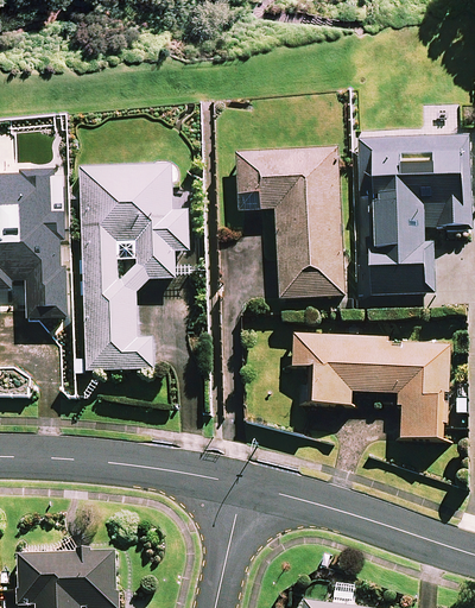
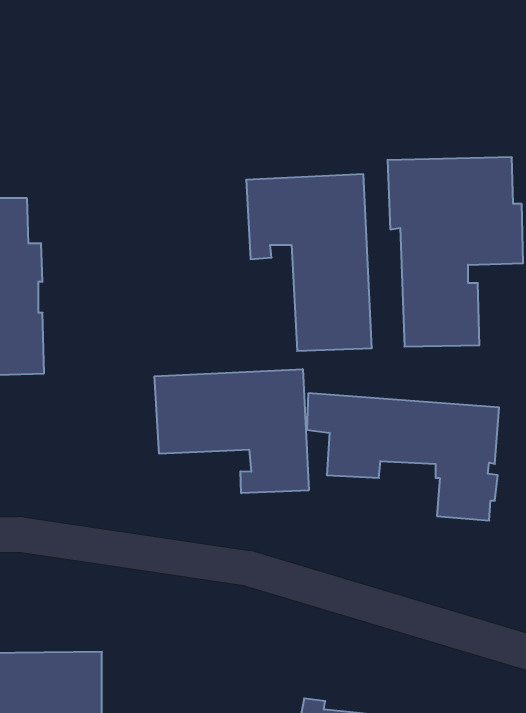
building: [80,164,189,369] -> none
building: none -> [155,369,309,493]

